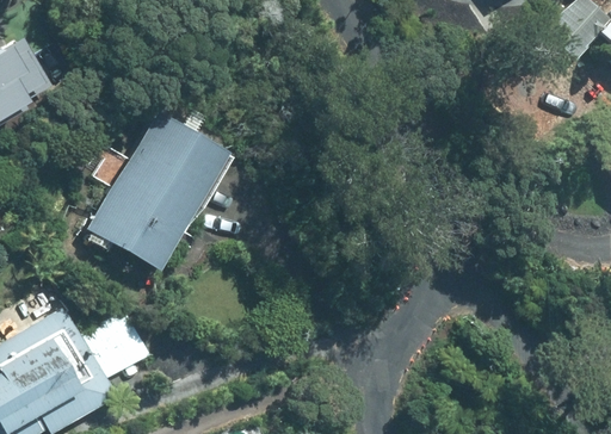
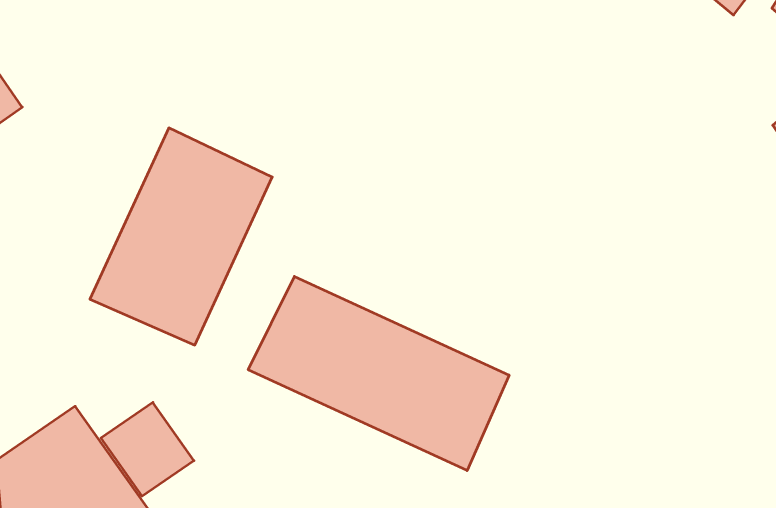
building: none -> [248,276,509,471]

